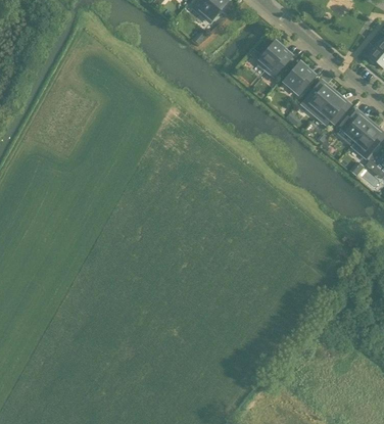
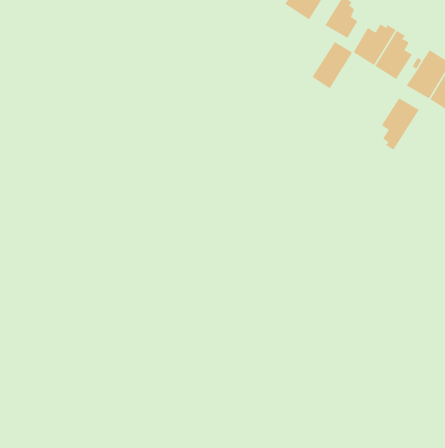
building: none -> [312,41,353,89]
building: none -> [381,97,419,150]

